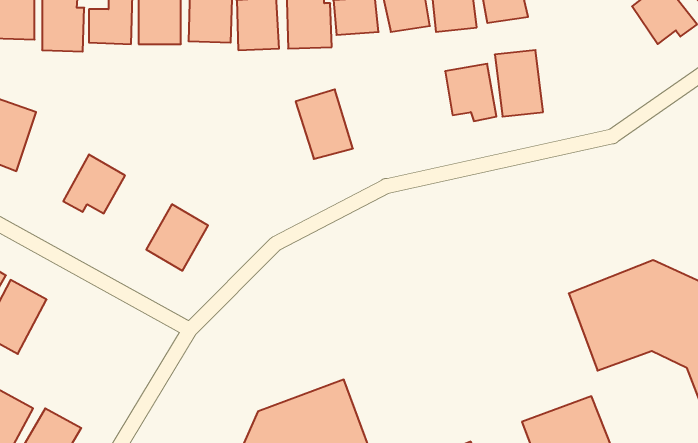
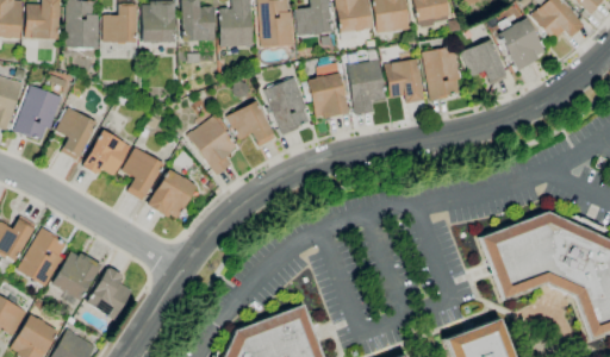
building: none -> [499,18,544,68]
building: none -> [460,38,508,84]
building: none -> [347,58,385,114]
building: none -> [309,73,347,117]
building: none -> [228,100,275,145]
building: none -> [56,107,97,159]
building: none -> [187,114,237,174]
building: none -> [123,146,163,200]
building: none -> [52,248,101,299]
building: none -> [87,265,132,319]

